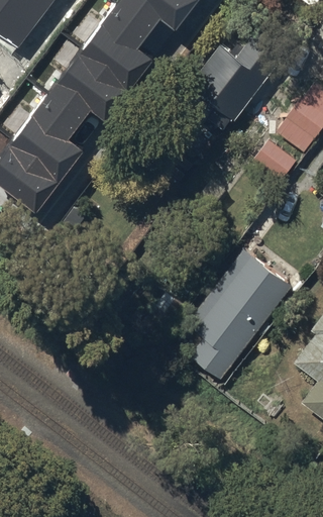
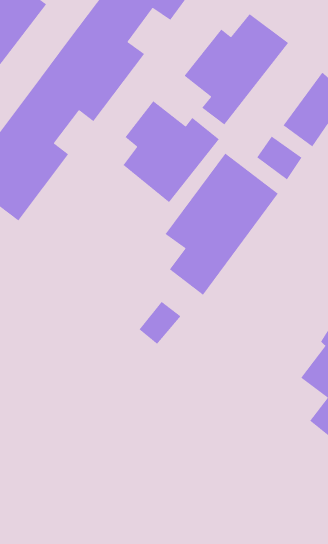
building: none -> [122,100,220,203]
building: [188,244,293,376] -> [165,153,279,296]

